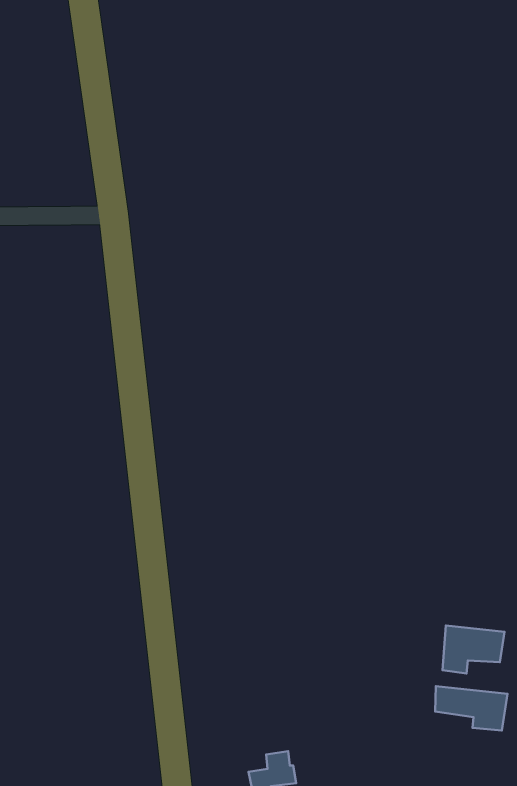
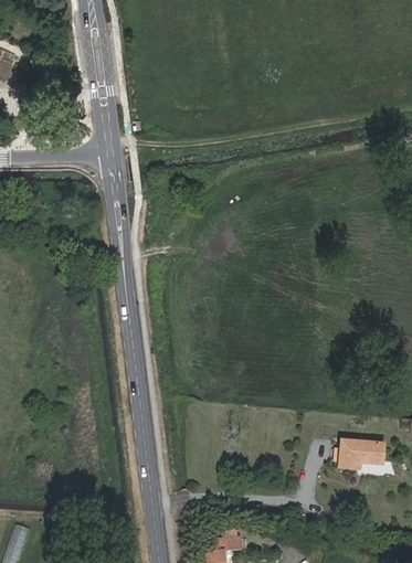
building: [435,686,508,730] -> none

